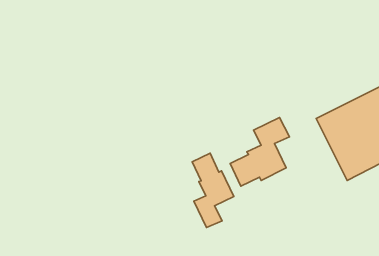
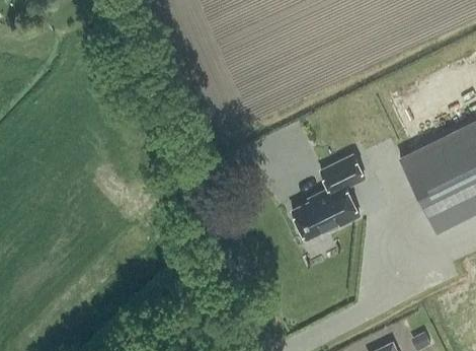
building: [192,153,234,228] -> none

